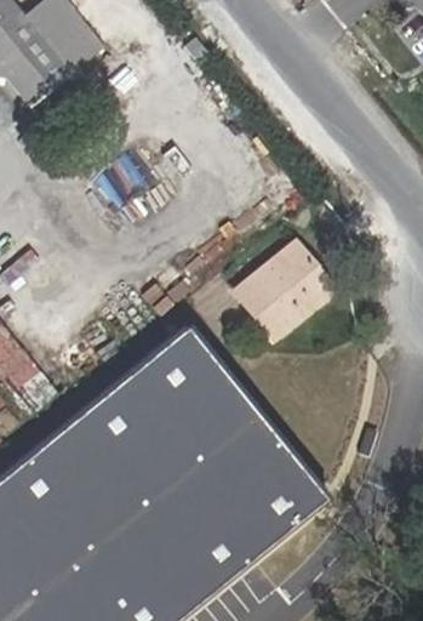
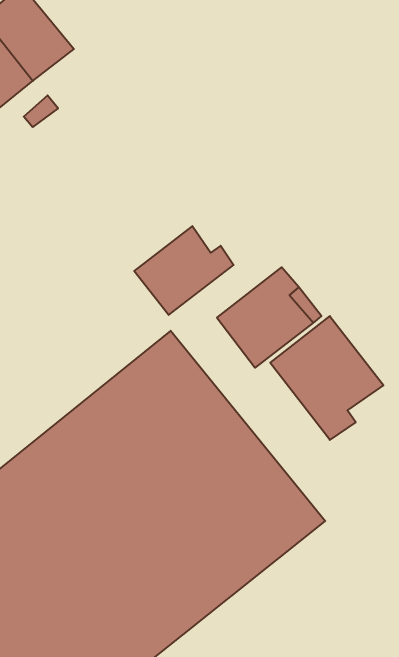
building: none -> [134,226,234,315]
building: none -> [270,316,383,440]

